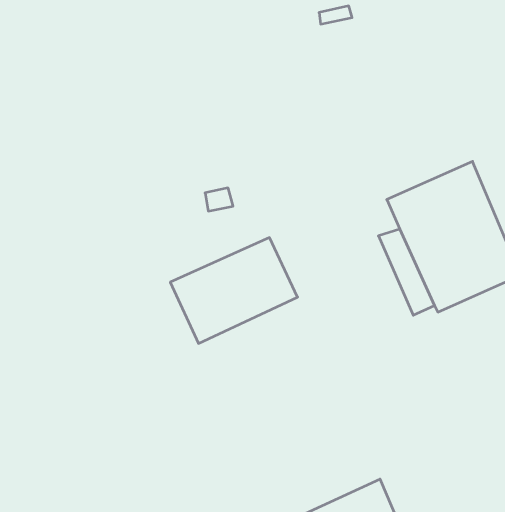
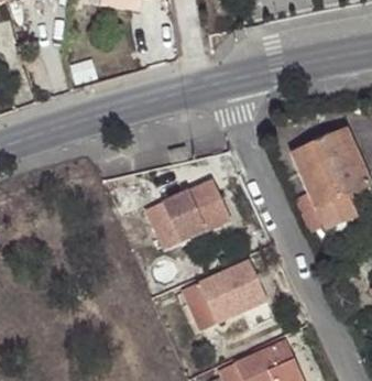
building: none -> [182,260,265,329]

